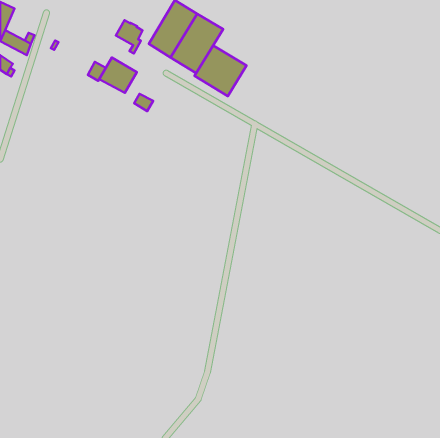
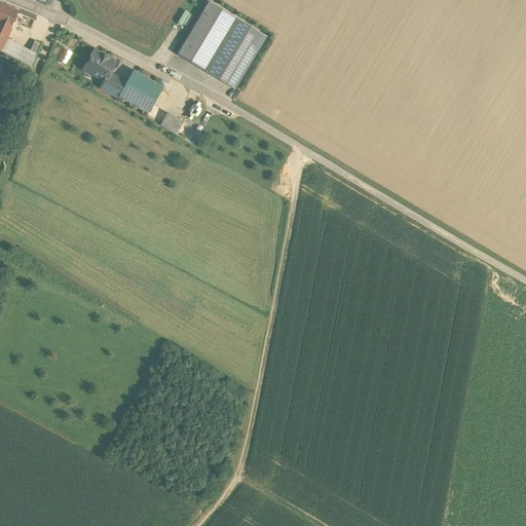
building: [116,20,142,54] -> [83,49,115,89]
building: [195,45,247,96] -> none

